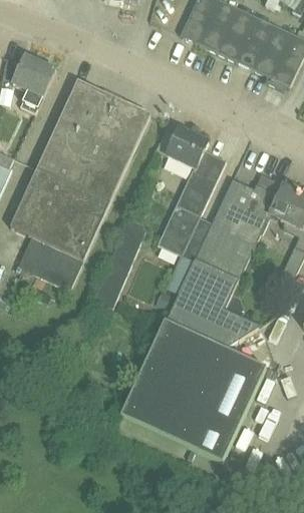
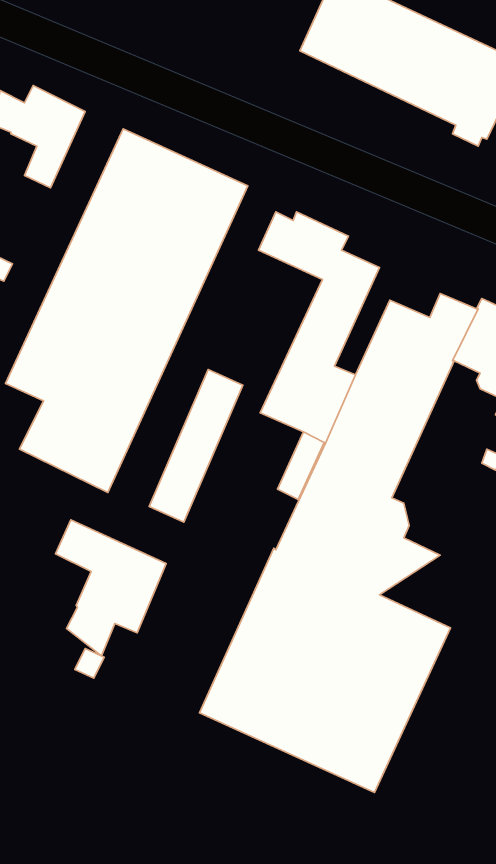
building: none -> [56,520,166,656]

